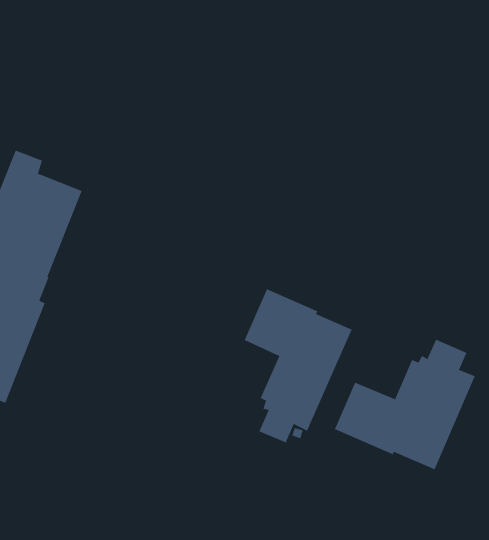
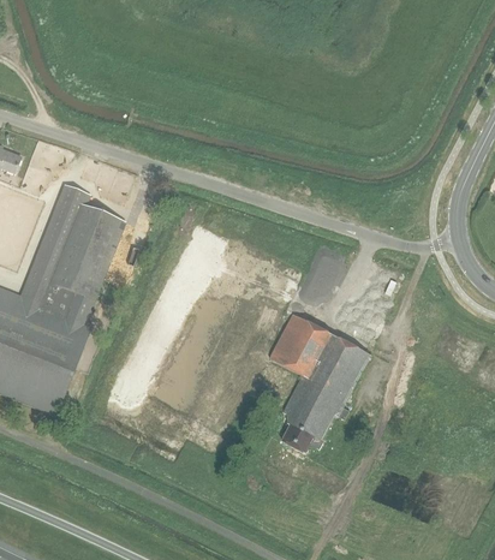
building: [334,339,475,470] -> none

